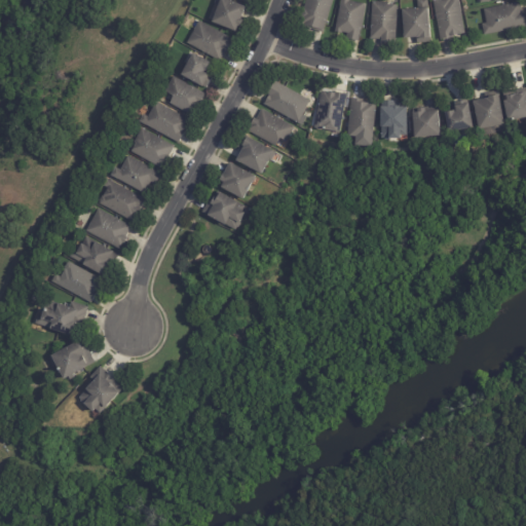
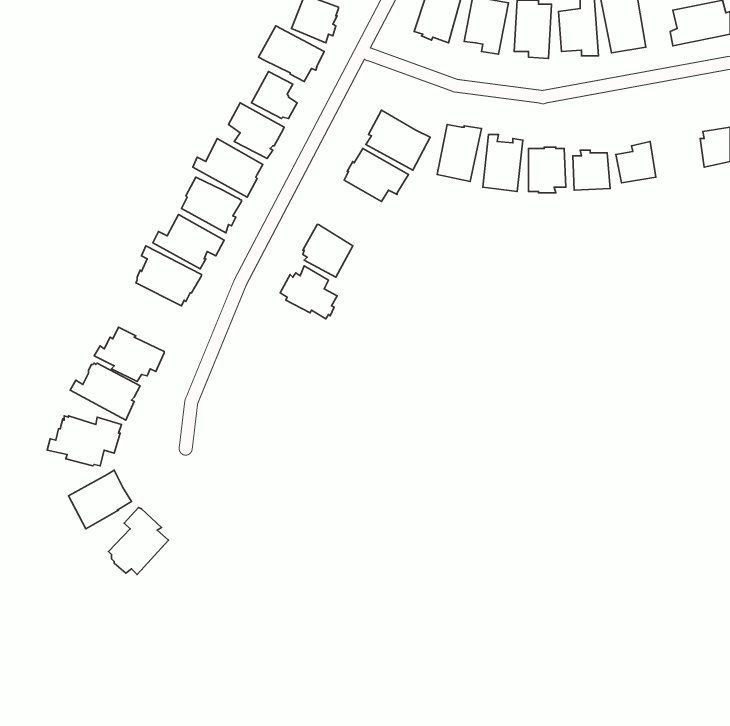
building: [473,93,503,129] -> none
building: [235,135,275,174] -> none
building: [84,208,130,249] -> none

